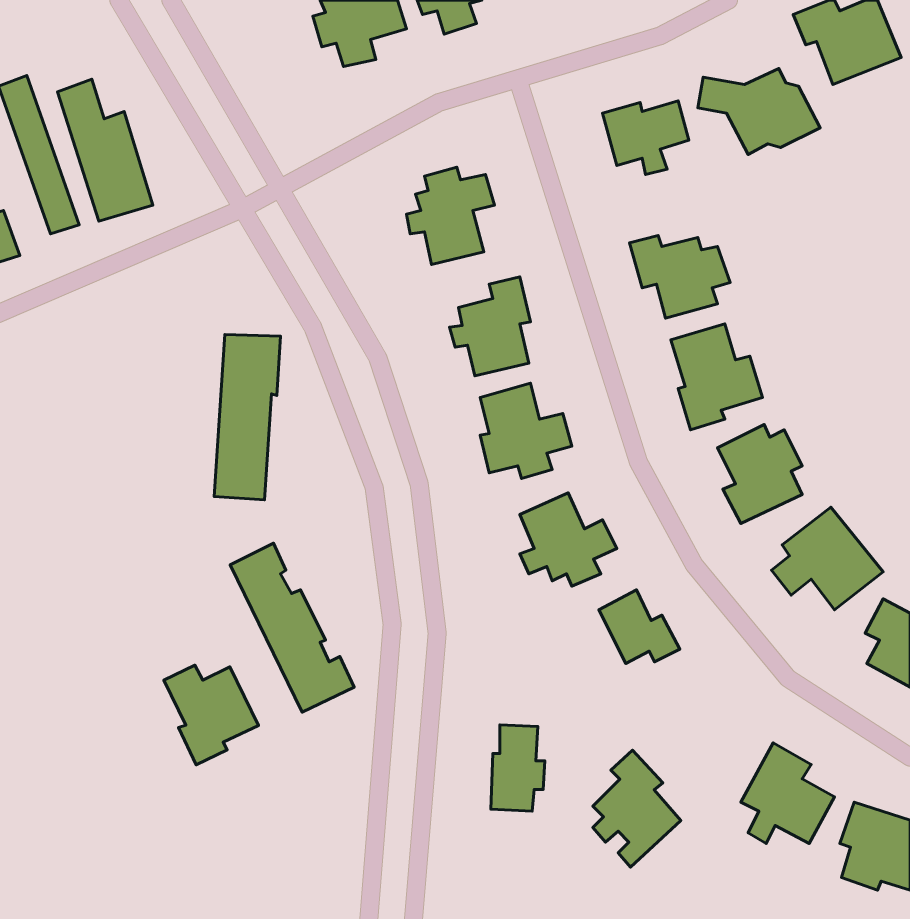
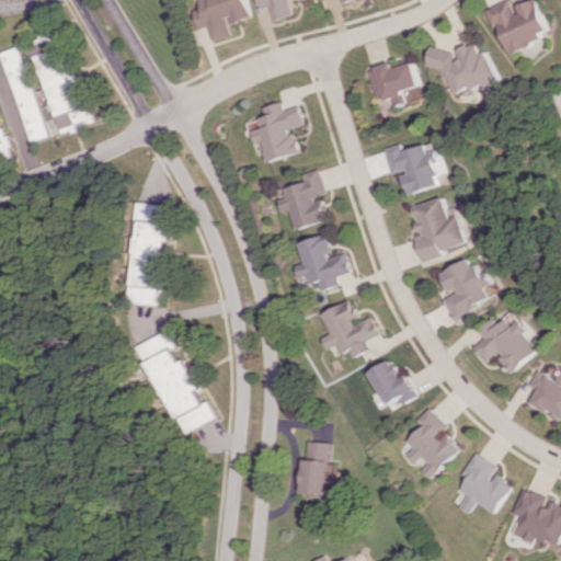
building: [164,665,258,765] -> none
building: [593,750,681,867] -> [402,408,456,479]

